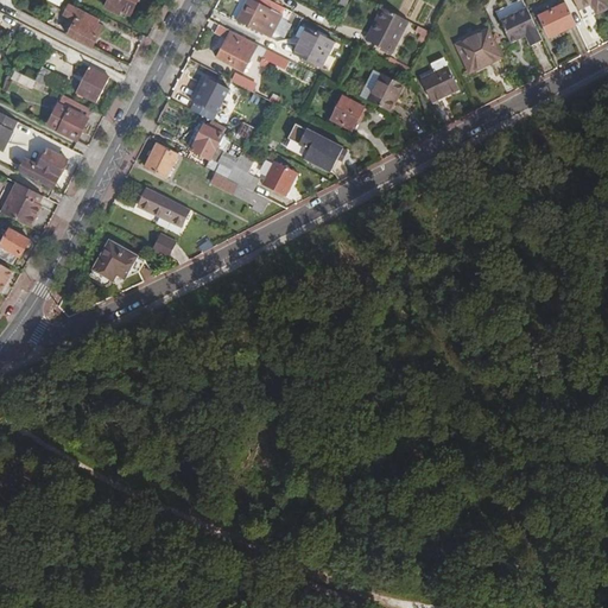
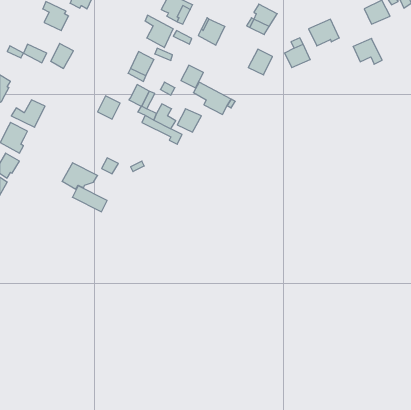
building: [498,6,540,44] -> [353,38,382,64]
building: [329,95,362,128] -> [181,65,203,88]
building: [57,107,87,138] -> none
building: [138,185,189,223] -> [72,186,107,212]

